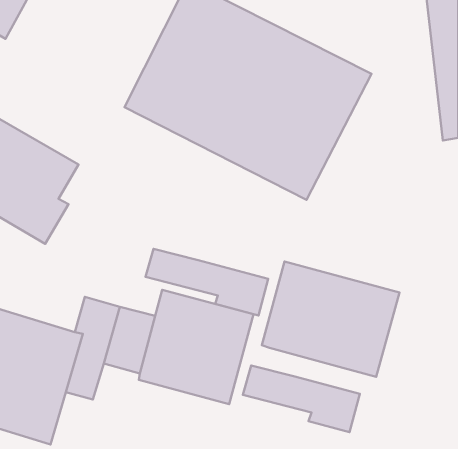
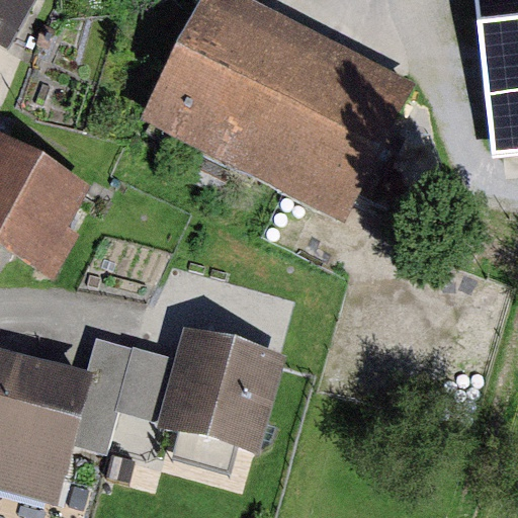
building: [145,249,268,315] -> none
building: [262,262,399,377] -> none
building: [243,366,360,432] -> none

